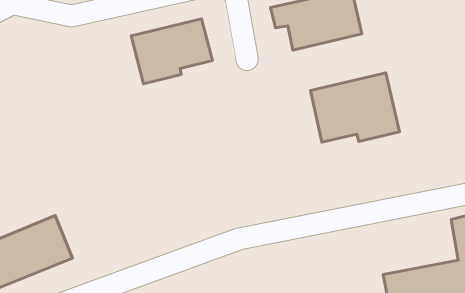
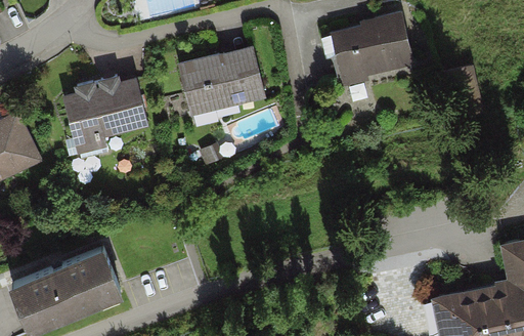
building: none -> [64,76,146,154]
building: [311,73,399,142] -> none

